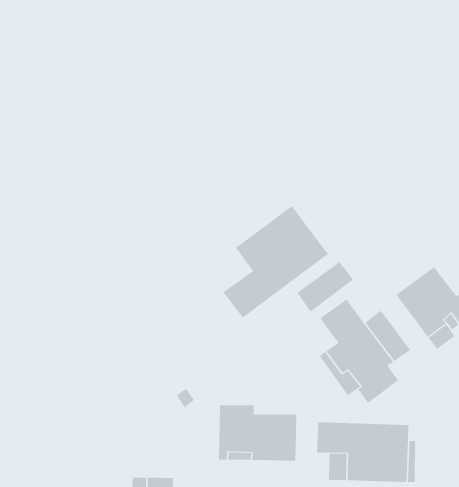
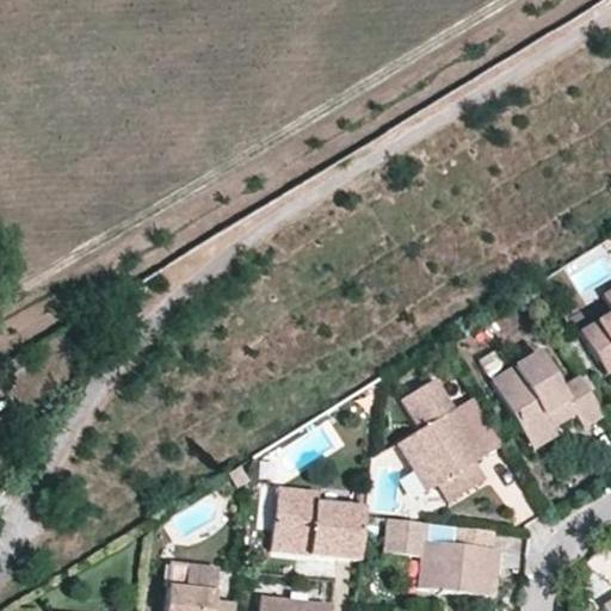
building: [222,205,329,319] -> none
building: [296,261,354,312] -> none

